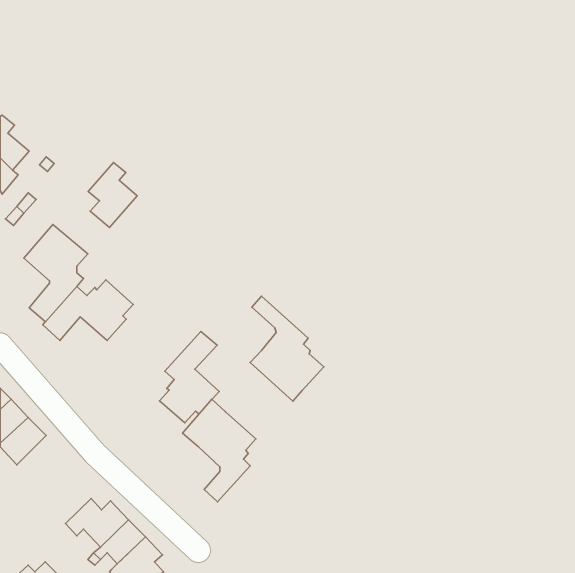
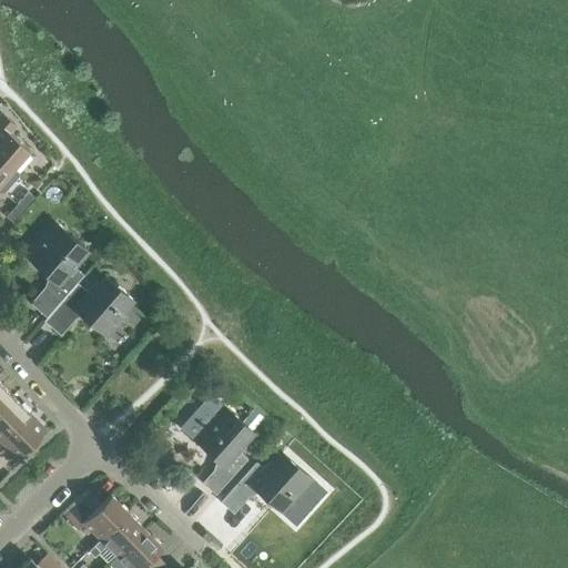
building: [88,162,137,228] -> none
building: [250,296,324,401] -> none
building: [160,331,219,423] -> none
building: none -> [220,455,325,527]

